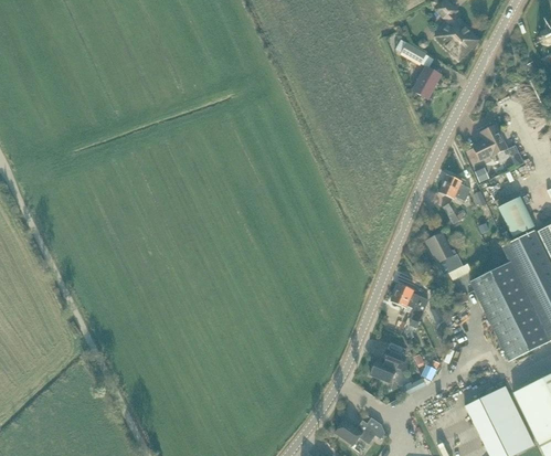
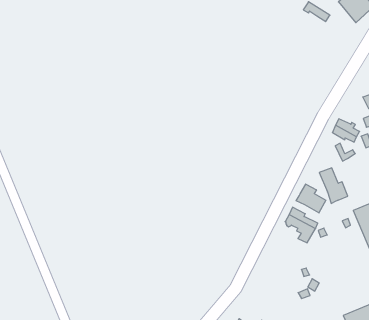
building: [412,65,441,98] -> none
building: none -> [296,184,326,213]
building: [370,349,406,382] -> none

